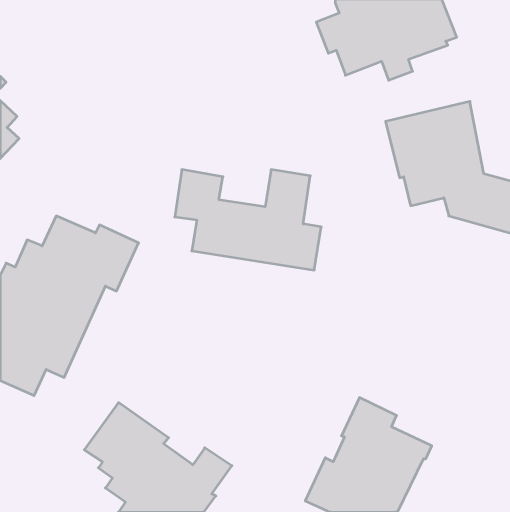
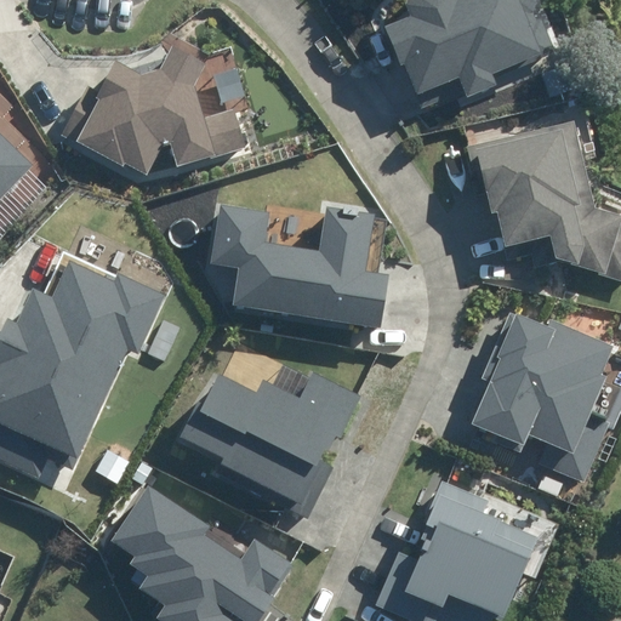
building: none -> [64,45,249,173]
building: none -> [465,315,602,482]
building: none -> [182,370,368,517]

